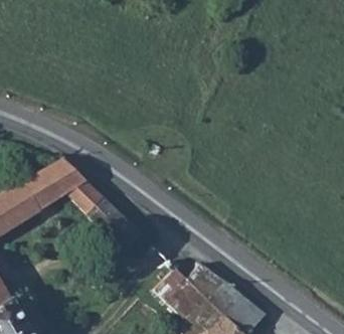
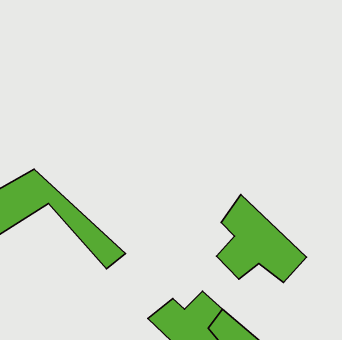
building: none -> [216,195,306,283]

